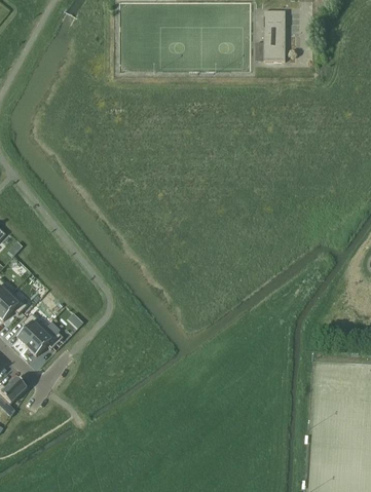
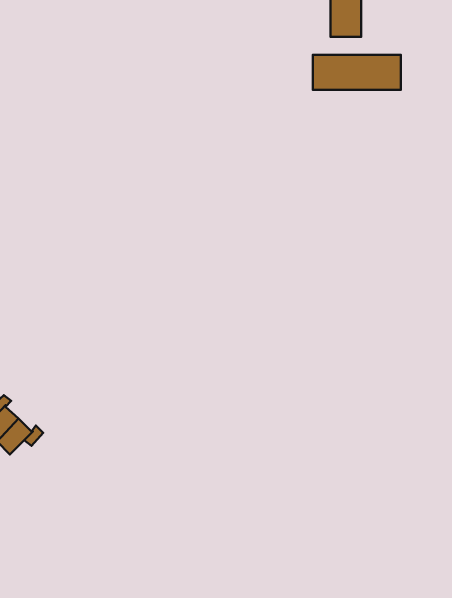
building: none -> [313,55,401,90]

